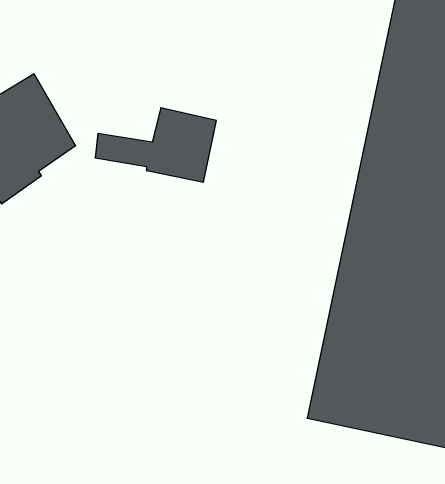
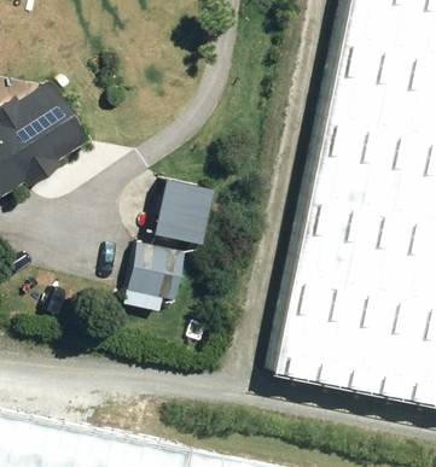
building: [95,108,216,182] -> [111,176,214,239]
building: none -> [124,240,184,310]

